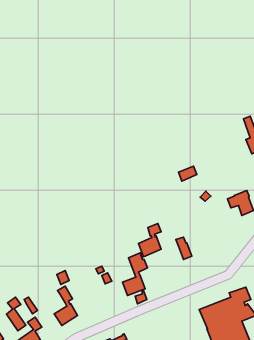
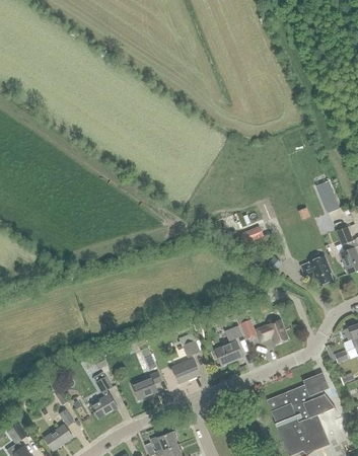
building: [139,223,161,257] -> [215,325,242,366]
building: none -> [257,320,286,344]
building: none -> [132,371,161,399]
building: [6,297,26,331] -> none

